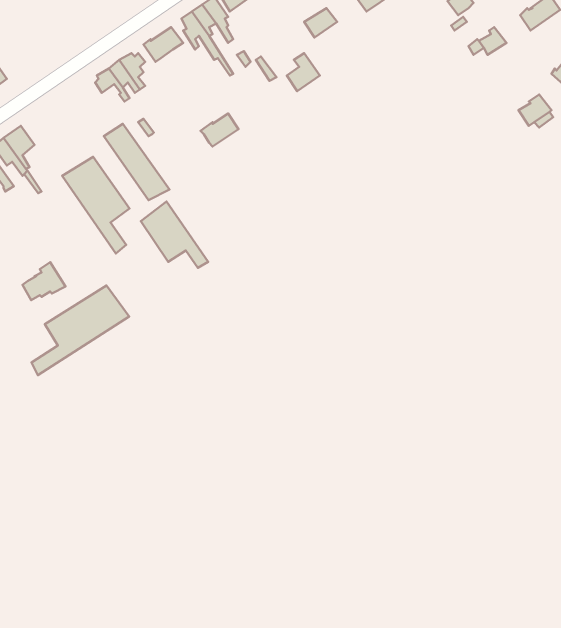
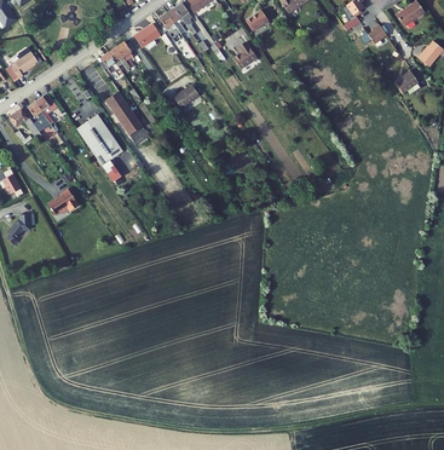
building: [141,202,208,268] -> none
building: [31,285,129,375] -> none

